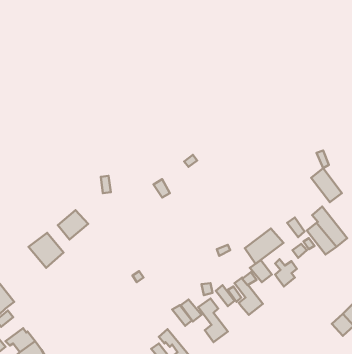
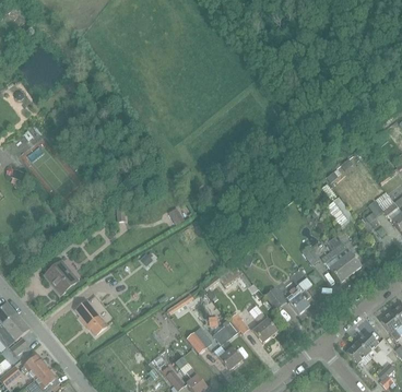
building: [58,210,88,240] -> none
building: [245,228,284,264] -> none
building: none -> [74,300,106,334]

